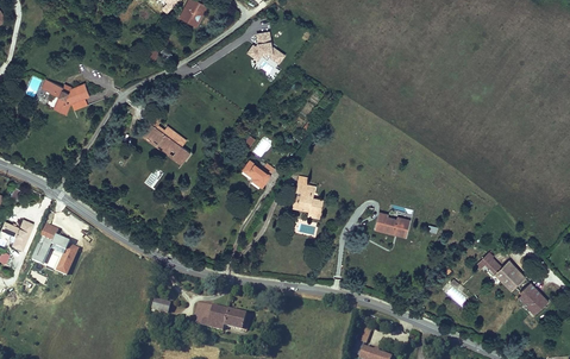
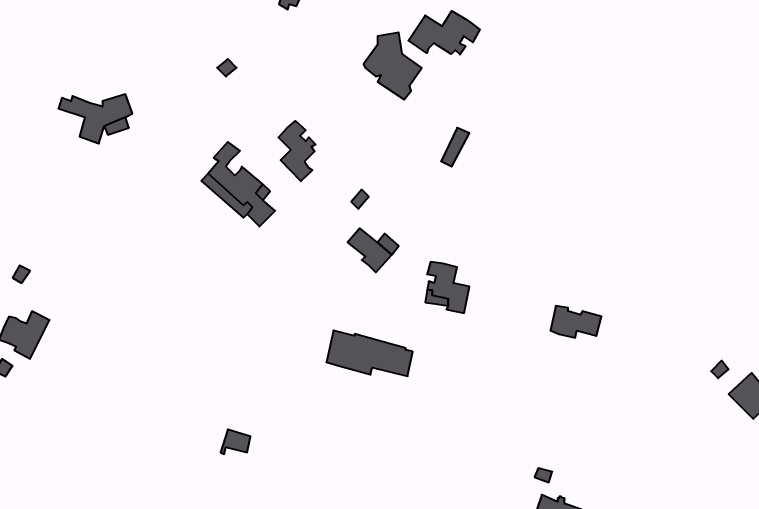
building: none -> [408,11,480,55]
building: none -> [278,121,316,181]
building: [32,225,80,276] -> none
building: [193,302,251,333] -> [326,330,413,376]

